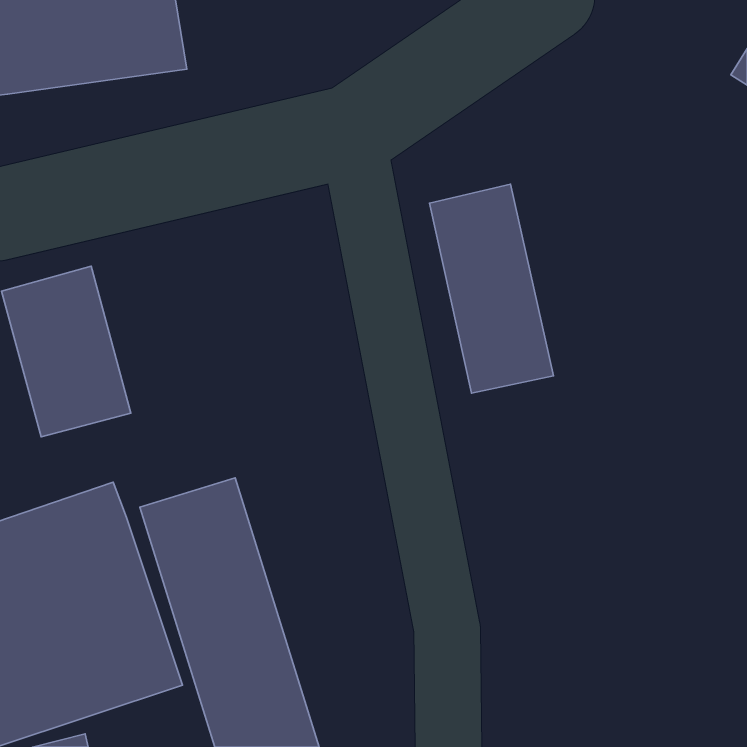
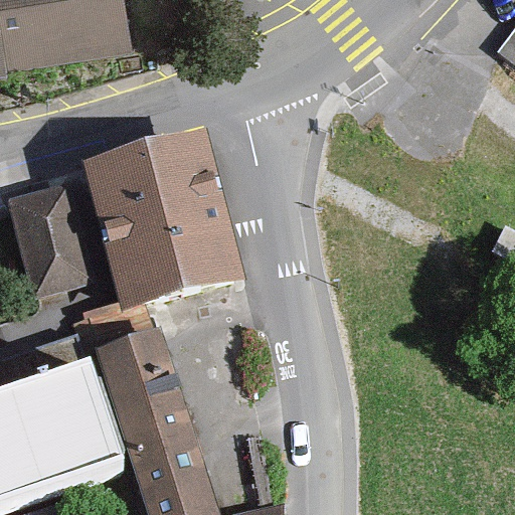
building: [429,184,553,393] -> none
building: none -> [88,150,243,321]

